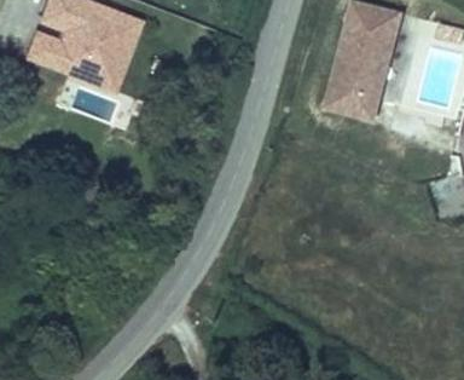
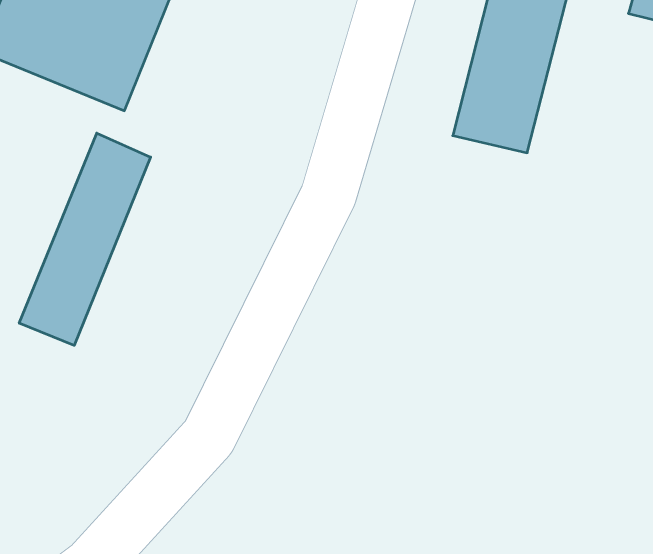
building: none -> [19,133,151,345]

